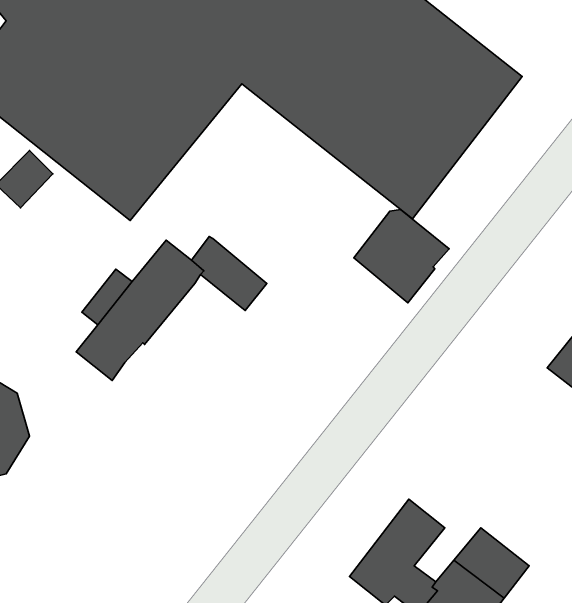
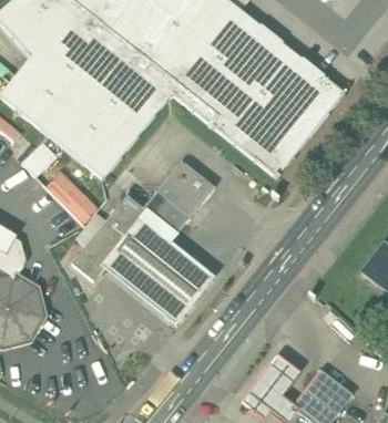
building: none -> [44,166,99,220]
building: [354,209,449,303] -> [155,162,214,219]
building: none -> [101,219,215,328]

